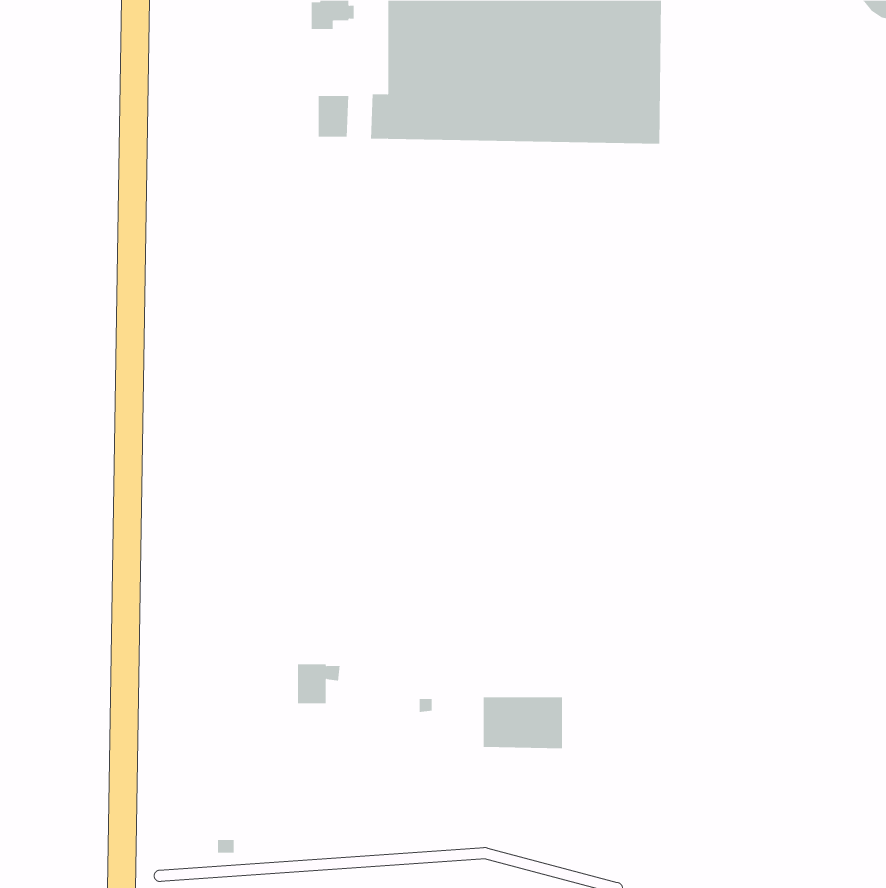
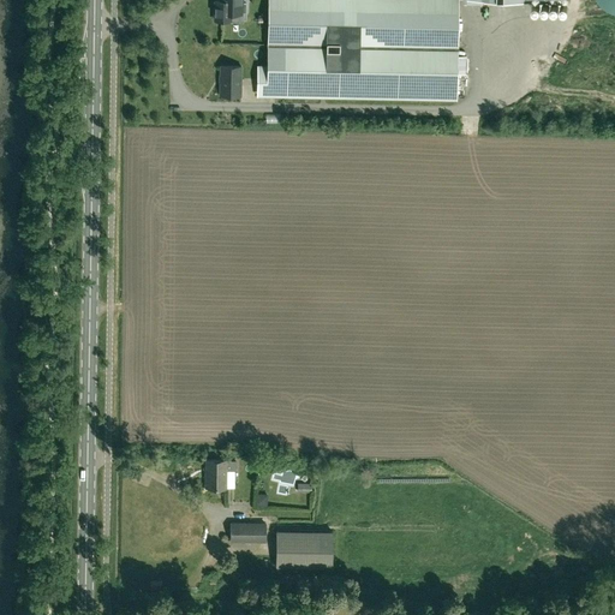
building: [483,697,563,749] -> [277,531,333,567]
building: none -> [231,523,265,541]

